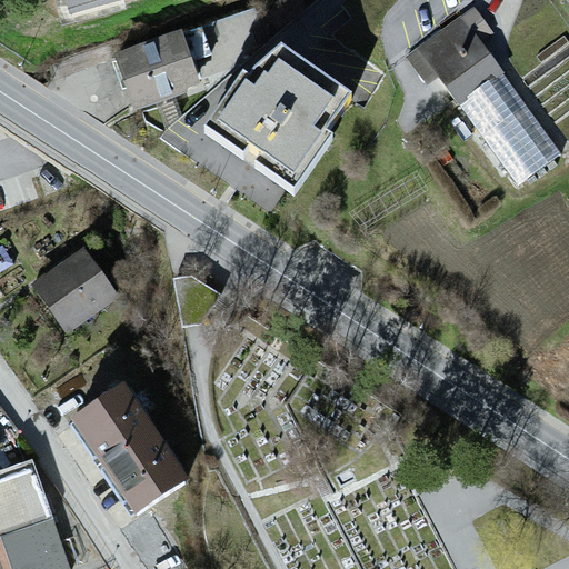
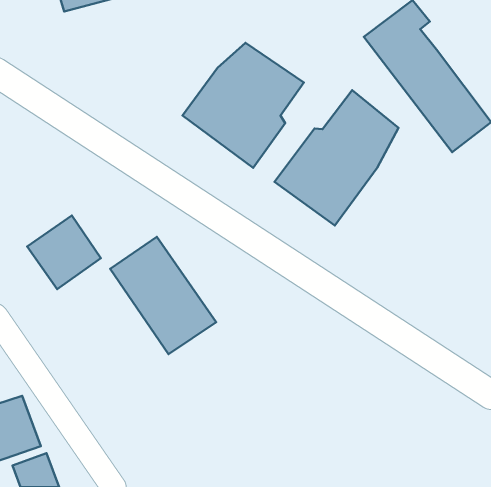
building: [108,28,200,111] -> none
building: none -> [275,90,398,226]
building: [68,385,189,519] -> [110,237,216,354]

